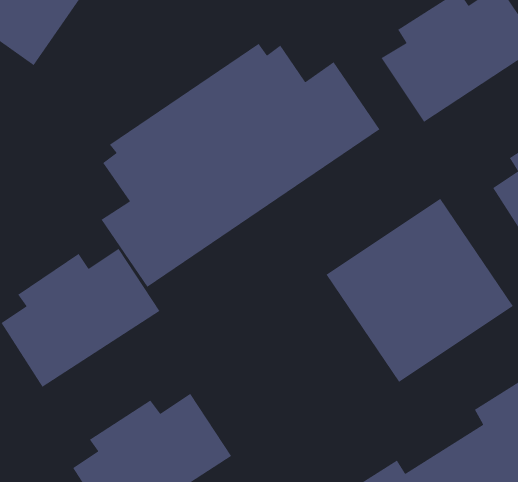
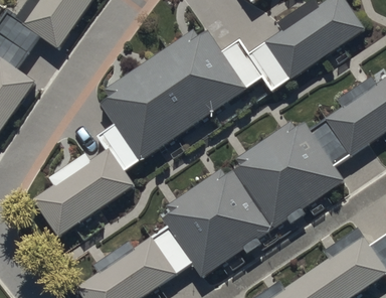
building: none -> [162,167,275,279]

